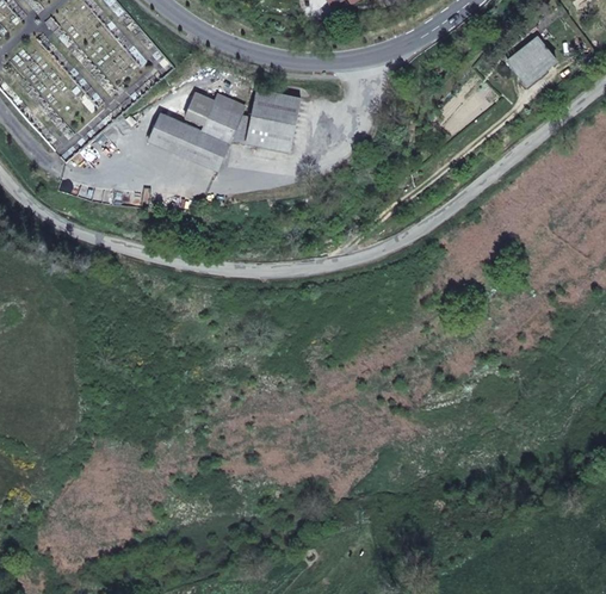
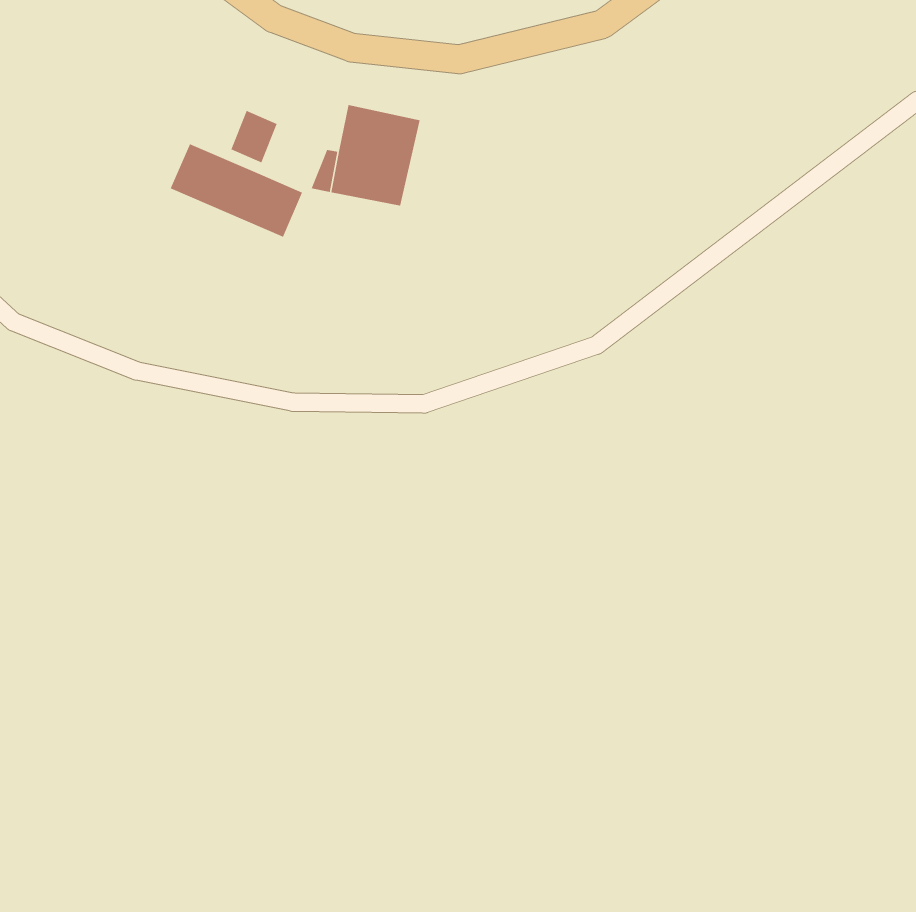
building: [507,37,556,83] -> none
building: [202,93,245,142] -> none

